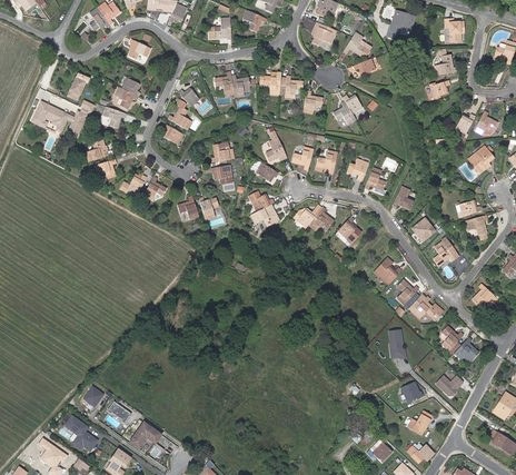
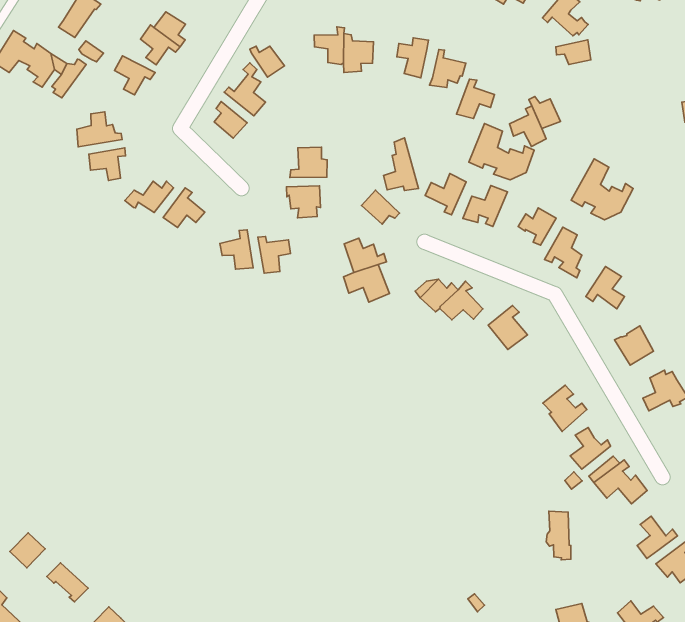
building: none -> [469,124,534,180]
building: none -> [571,159,633,220]

